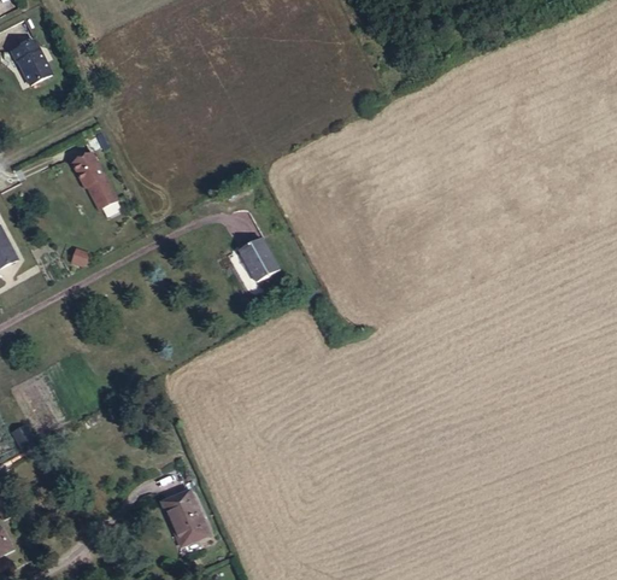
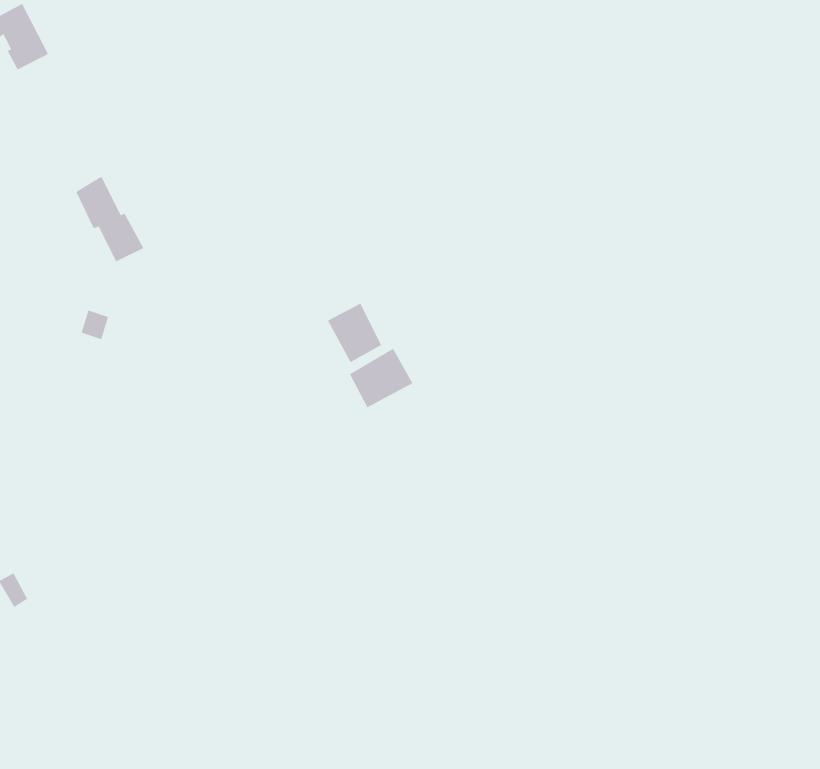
building: none -> [349,348,413,408]
building: [155,485,206,544] -> none

